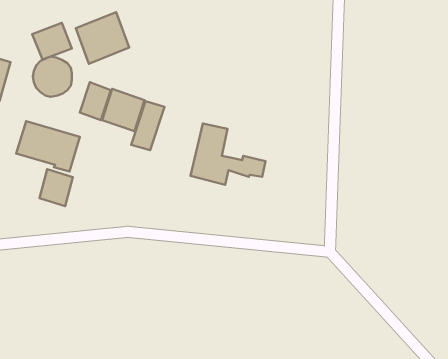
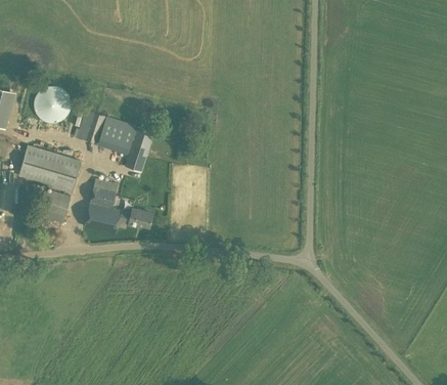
building: [76,12,129,64] -> none
building: [32,23,72,60] -> none
building: [191,123,265,185] -> [85,178,153,234]

